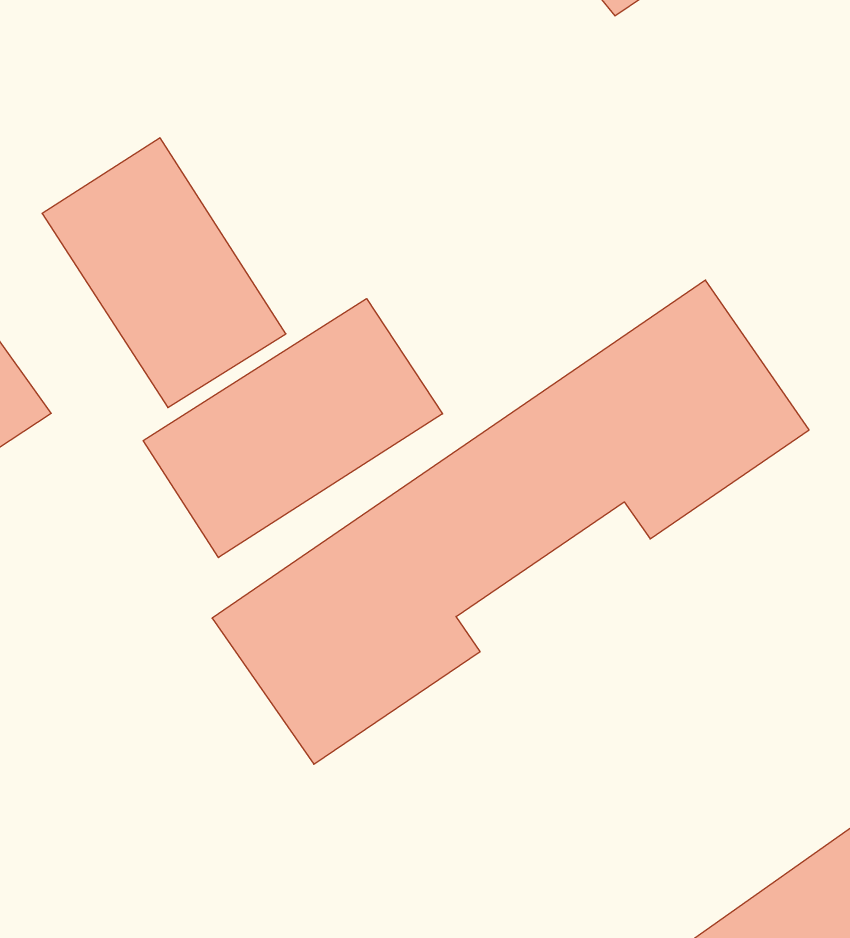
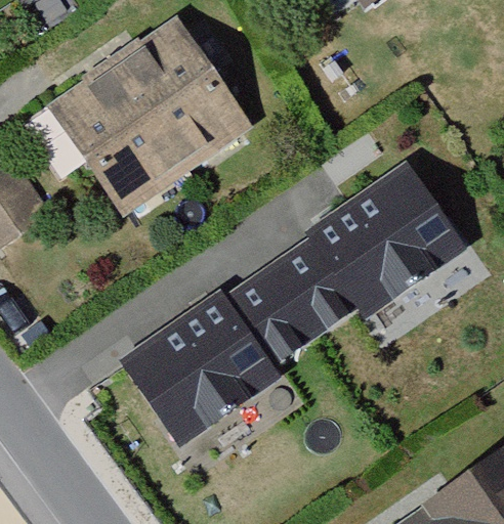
building: none -> [108,37,244,187]
building: [143,299,443,558] -> none

